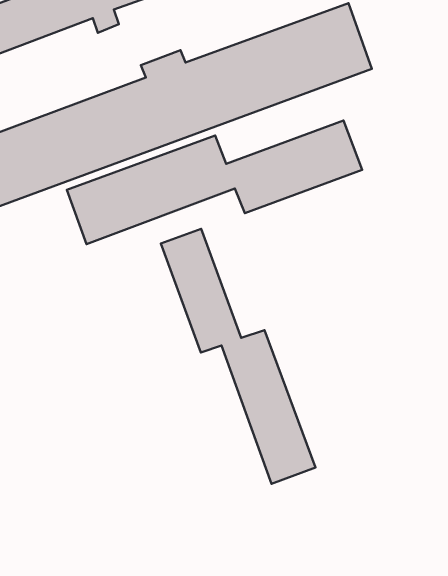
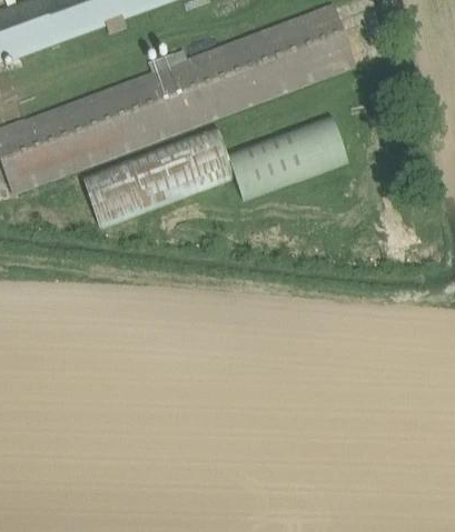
building: [161,229,315,484] -> none

